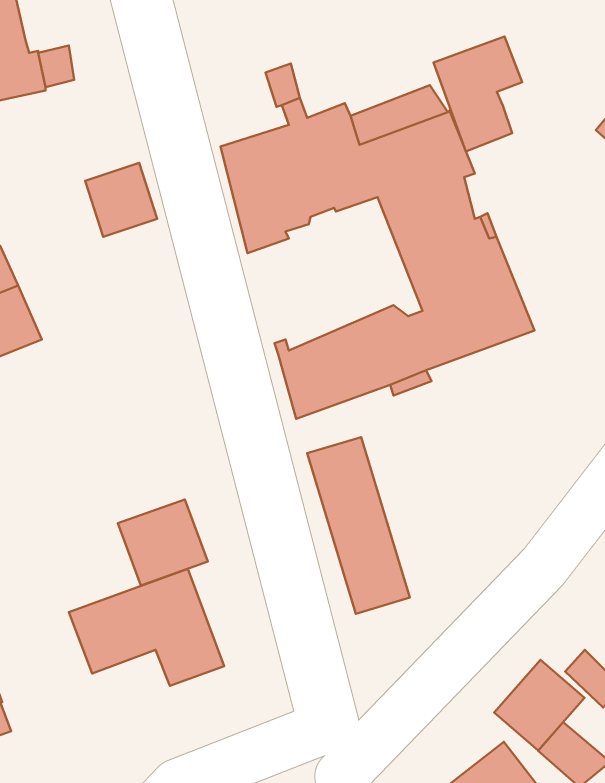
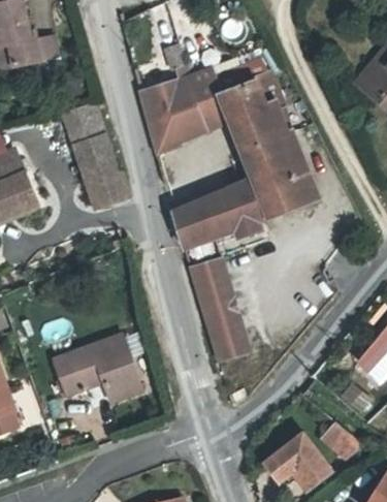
building: [433,37,522,151] -> none
building: none -> [72,134,128,209]
building: [118,499,208,586] -> none
building: [494,660,585,751] -> none

